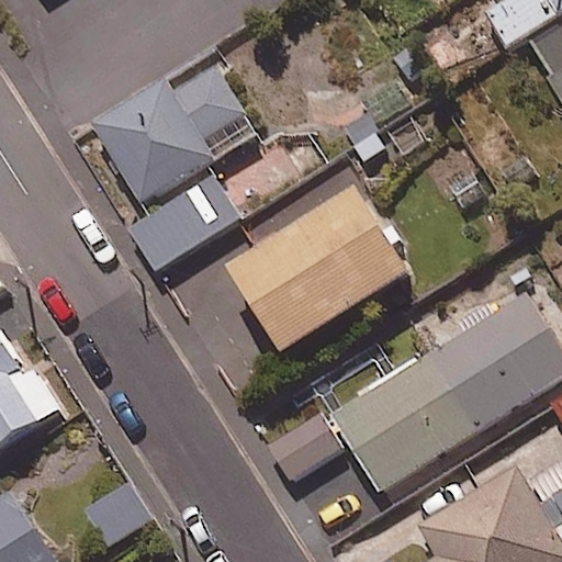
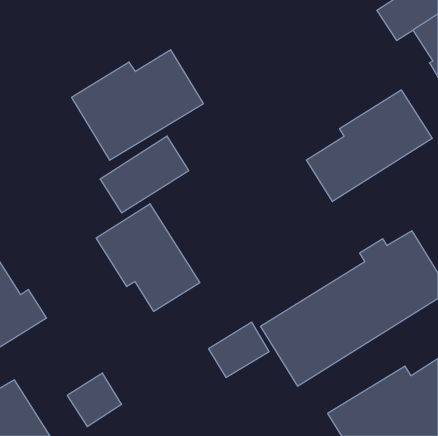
building: none -> [307,90,432,202]
building: [226,191,409,358] -> none
building: none -> [96,204,200,311]

